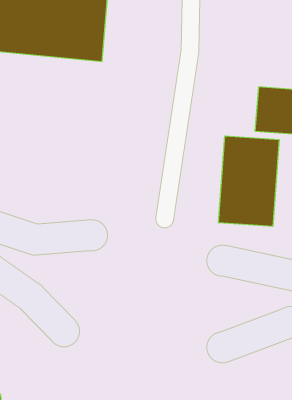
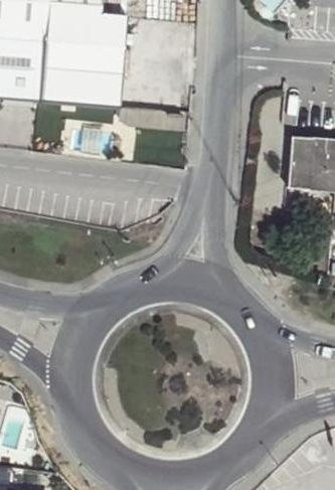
building: [219,136,279,226] -> none

